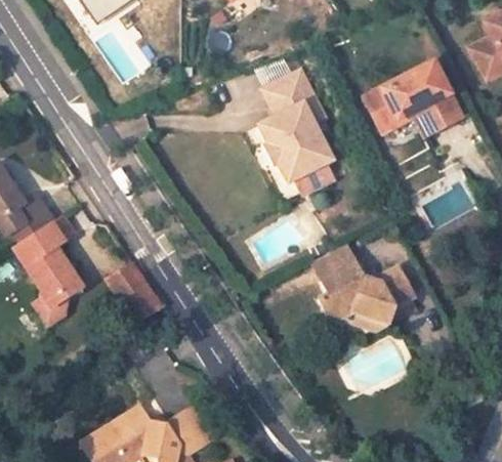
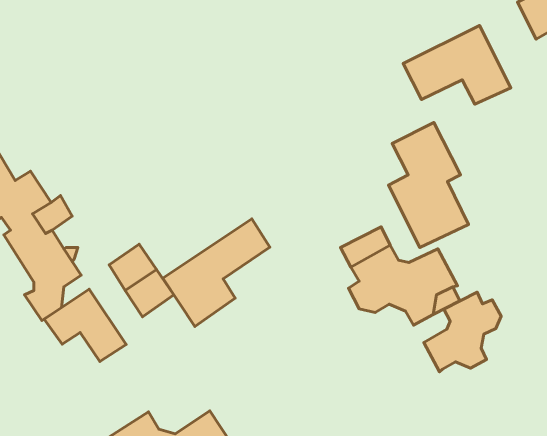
building: [262,73,333,183] -> [389,123,468,248]
building: none -> [163,219,270,327]
building: none -> [44,289,126,361]
building: none -> [424,292,501,372]

